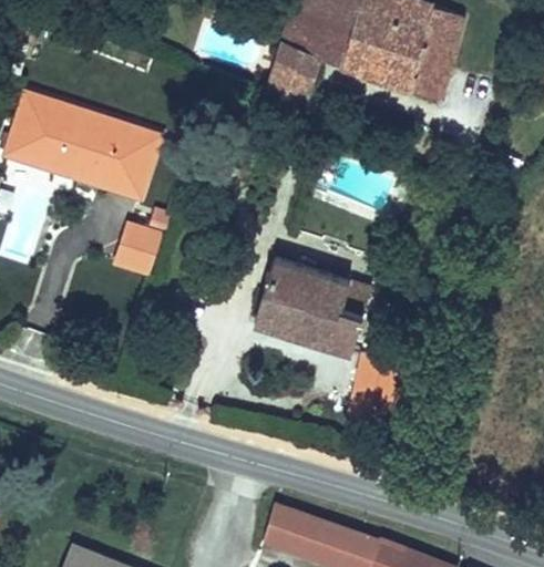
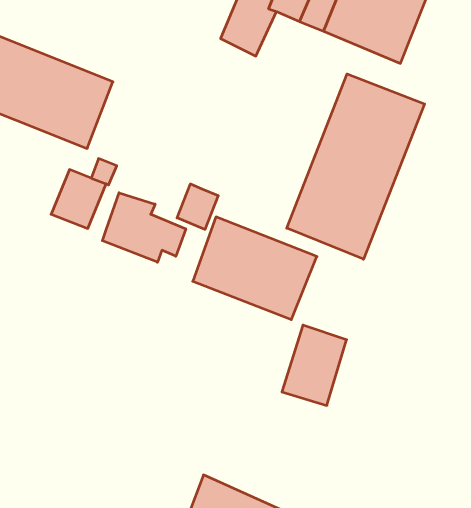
building: none -> [287,74,425,259]
building: none -> [177,184,218,229]
building: none -> [102,193,186,262]

